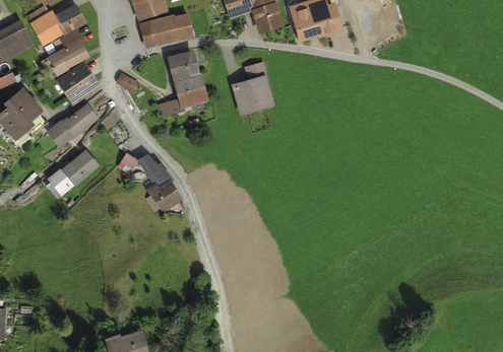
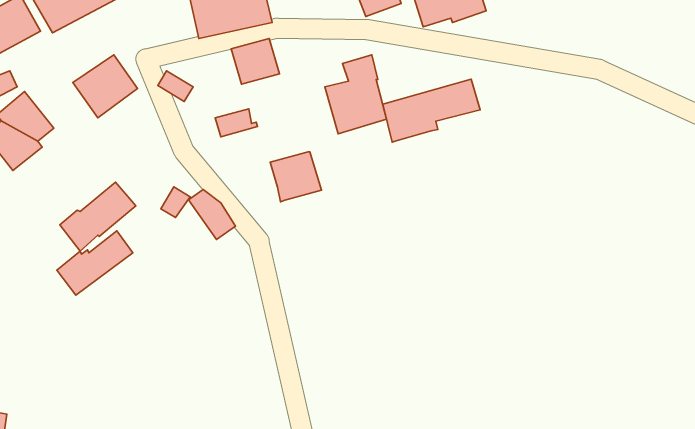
building: [41,30,89,80] -> none
building: [173,74,208,109] -> [270,152,321,202]
building: none -> [383,79,480,142]
building: [45,103,98,148] -> [57,231,133,295]
building: [148,180,183,213] -> none

